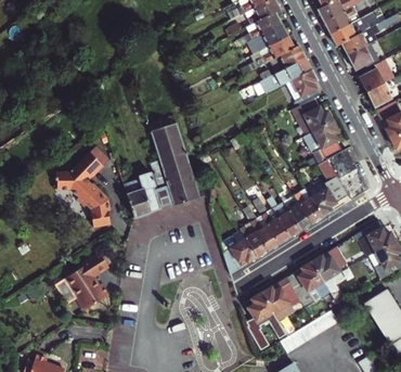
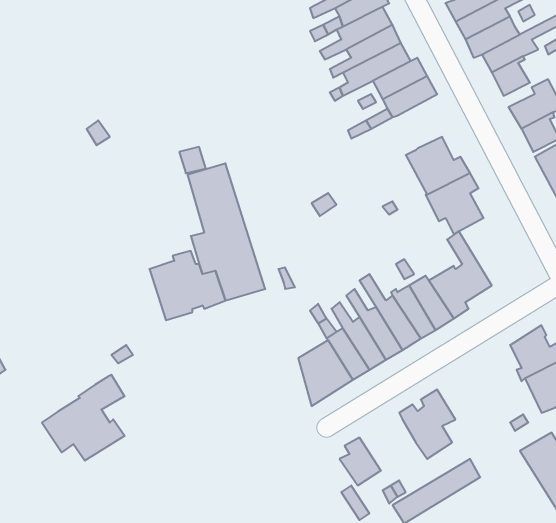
building: [286,68,320,105] -> none
building: [326,147,368,198] -> none
building: [55,151,109,227] -> none
building: [312,256,344,304] -> none
building: [261,282,298,320] -> none

